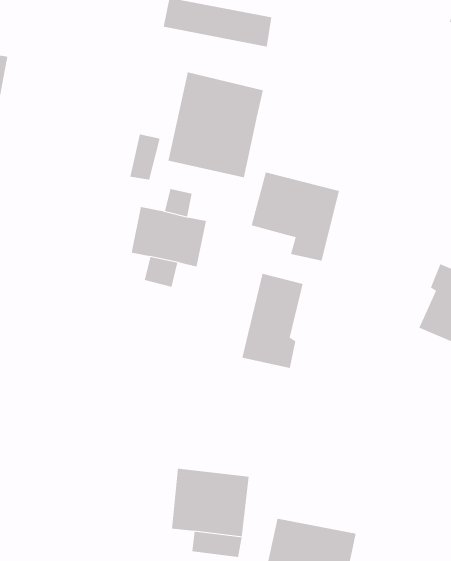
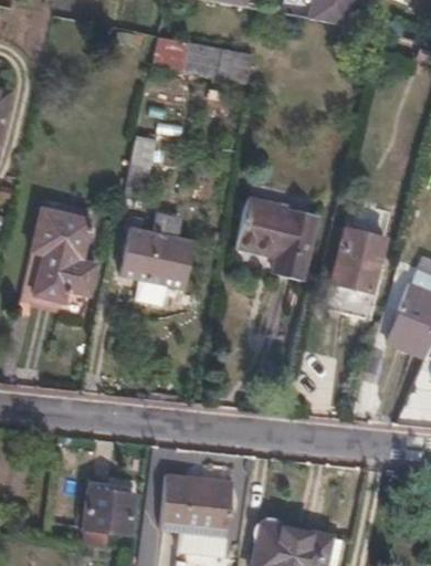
building: [168,72,264,178] -> none
building: none -> [34,209,97,300]
building: [242,273,303,368] -> [328,229,386,317]
building: none -> [81,489,135,545]

